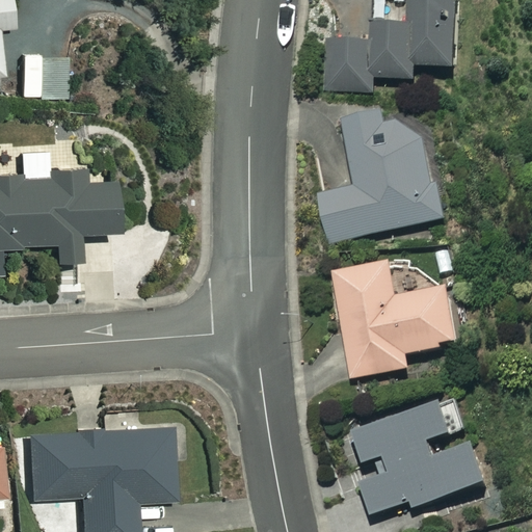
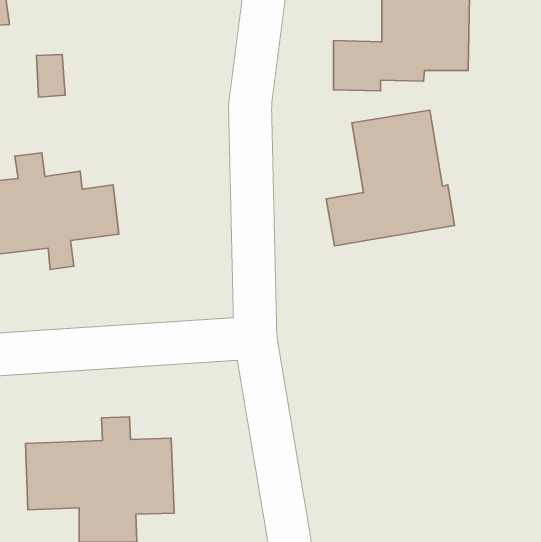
building: [331,261,457,378] -> none
building: [353,404,484,515] -> none

